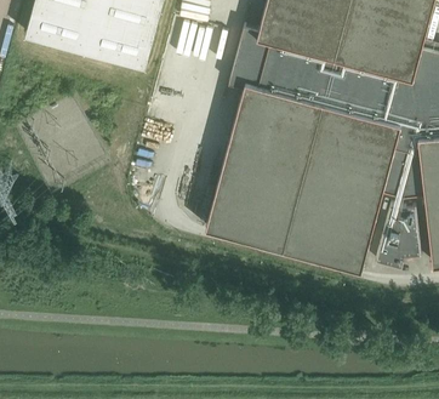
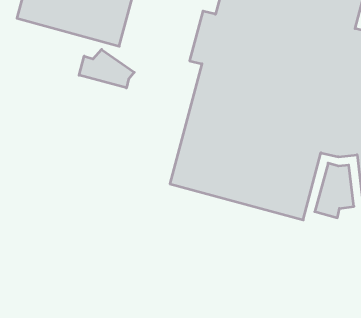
building: none -> [79,49,134,88]

